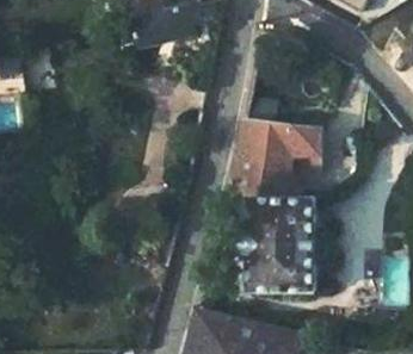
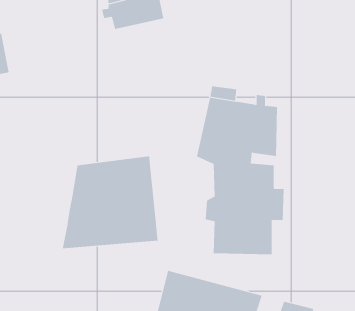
building: none -> [62,155,158,249]

